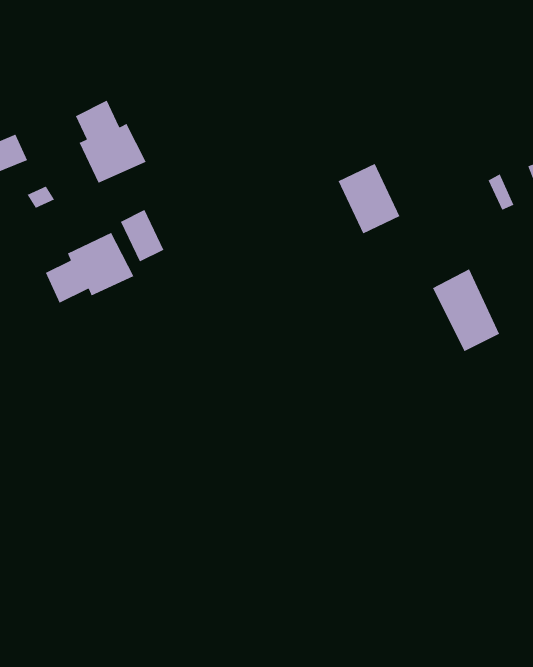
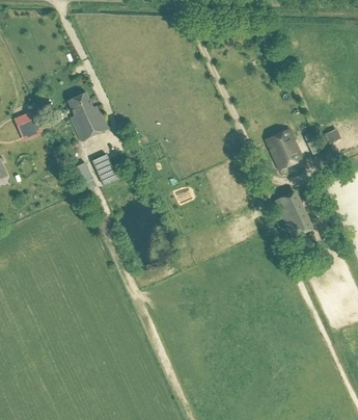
building: [338,163,400,234] -> [266,129,302,170]
building: [45,232,135,304] -> none

